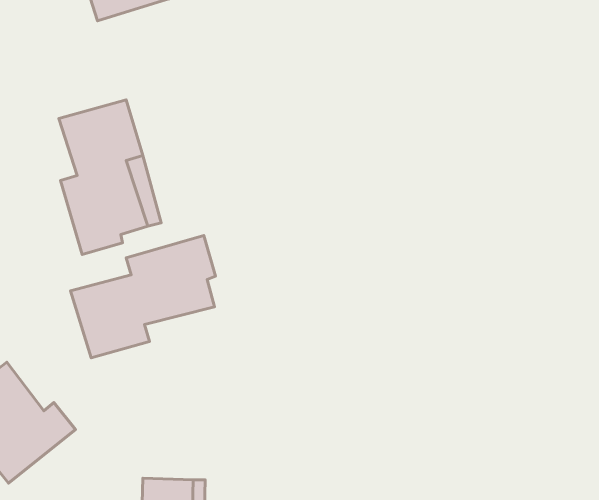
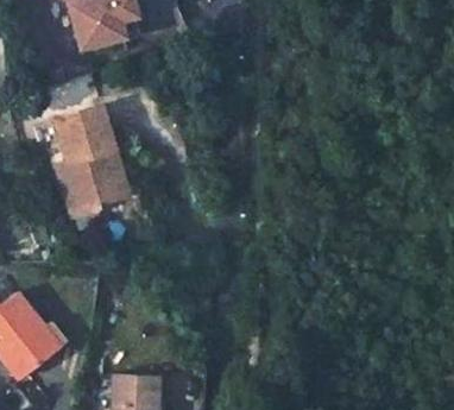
building: [70,236,216,358] -> none

